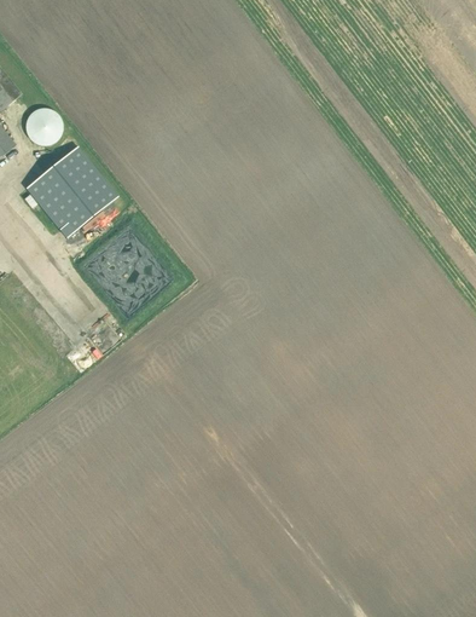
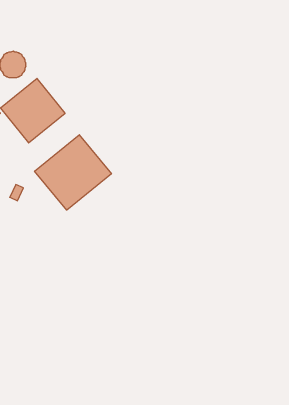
building: none -> [35,135,111,210]

